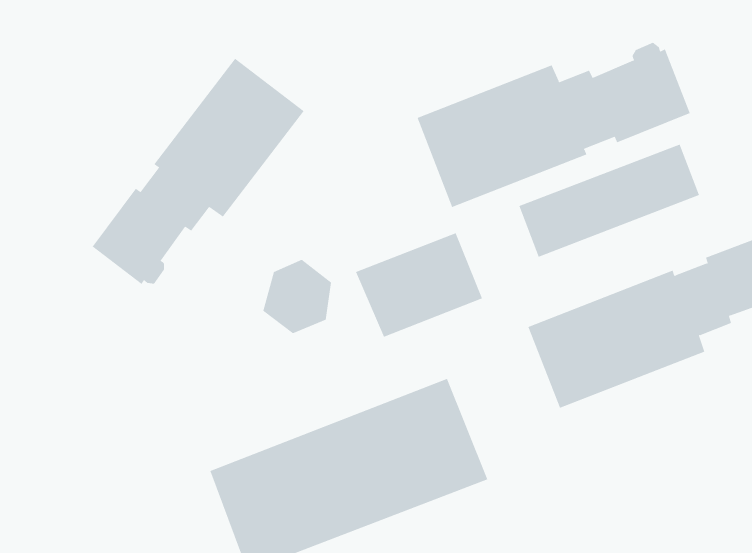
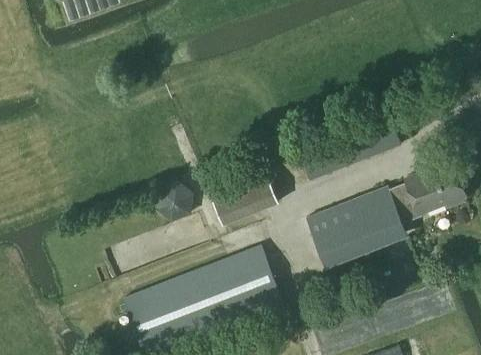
building: [417,42,690,208] -> none
building: [92,58,304,285] -> none

